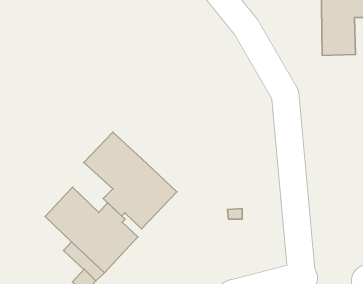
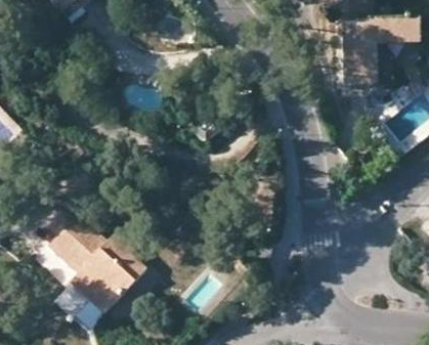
building: [84,132,177,229] -> none

